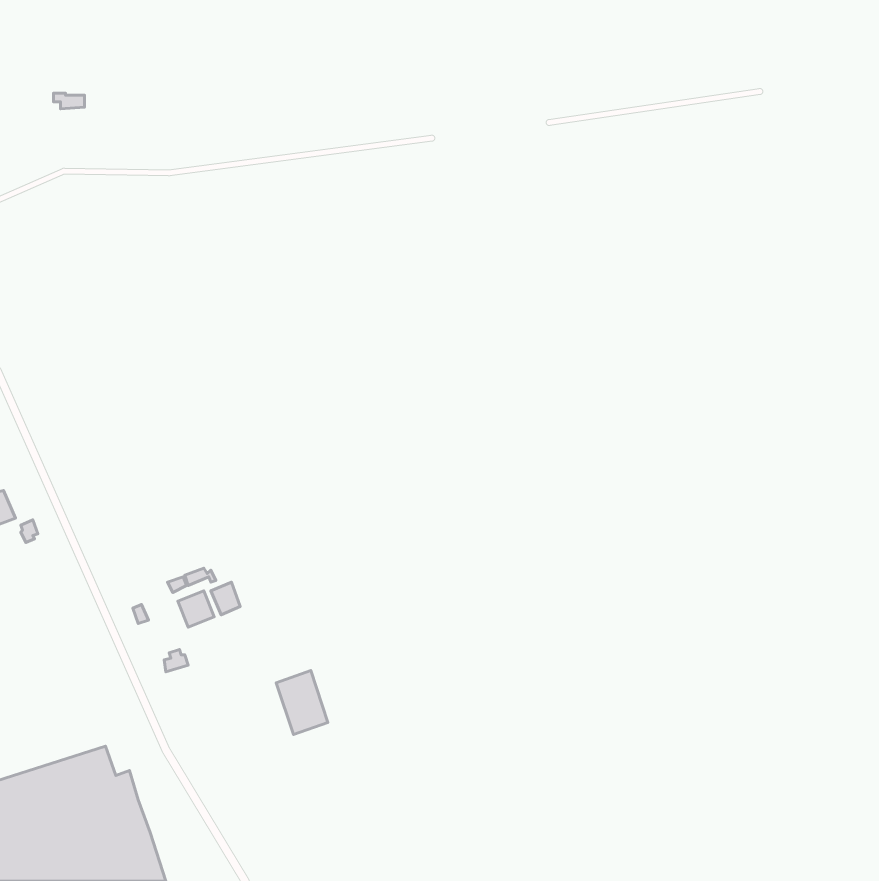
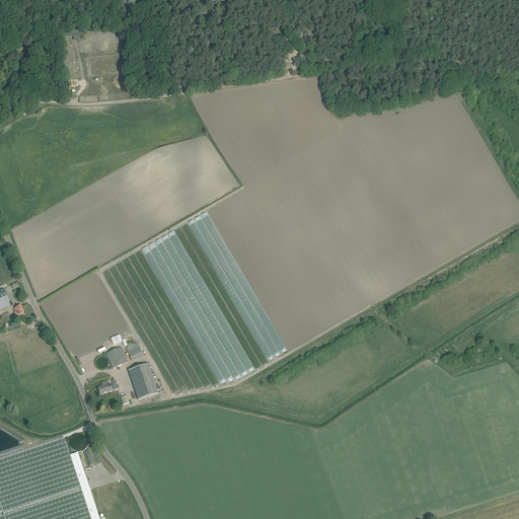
building: [276,671,328,735] -> [126,363,156,400]

